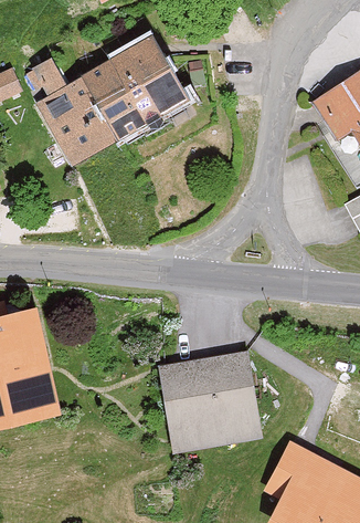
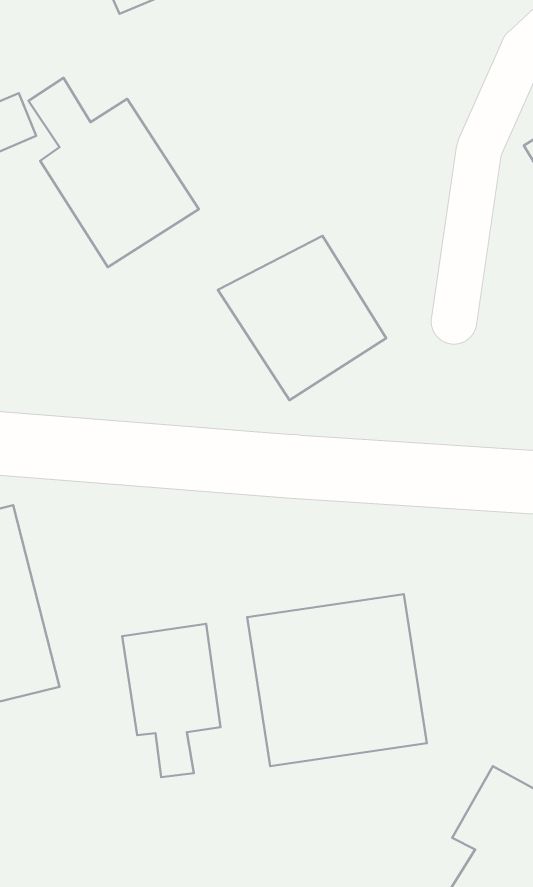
building: [92,39,188,133] -> [218,236,386,400]
building: none -> [122,624,221,777]

